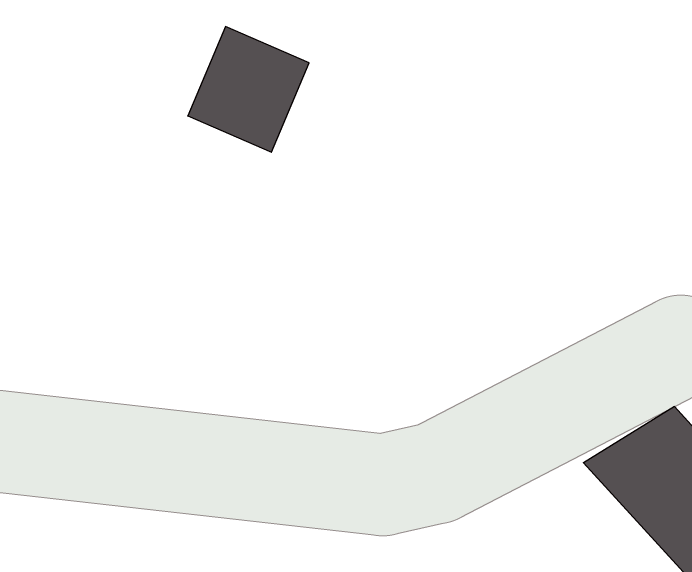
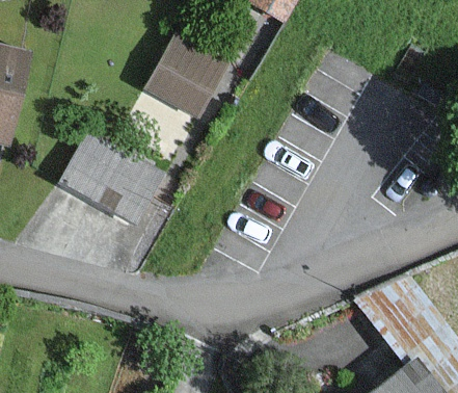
building: none -> [69,139,157,215]

